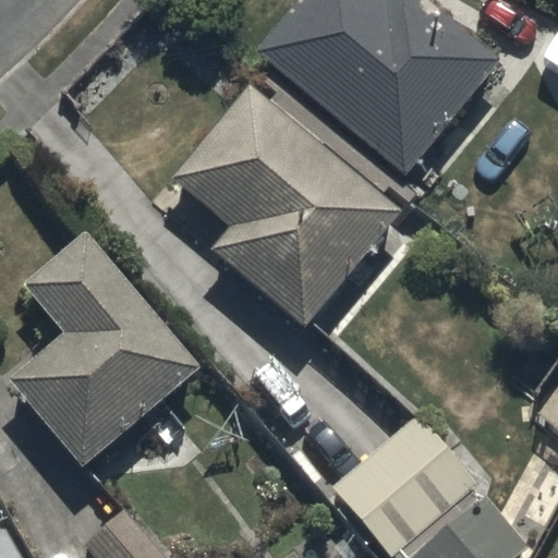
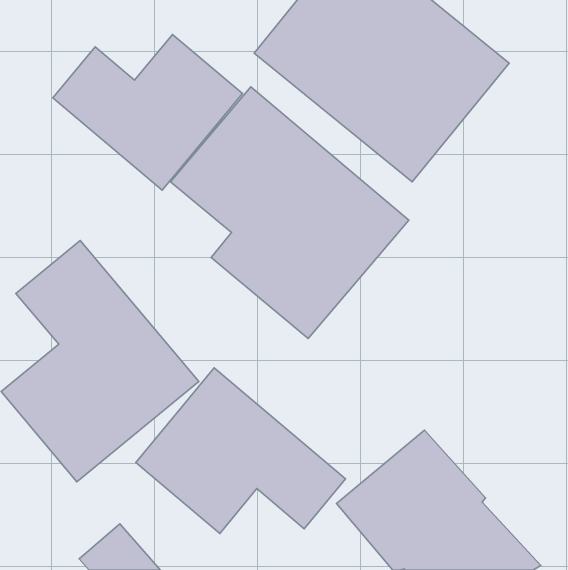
building: none -> [53,35,242,190]
building: none -> [136,368,345,533]

